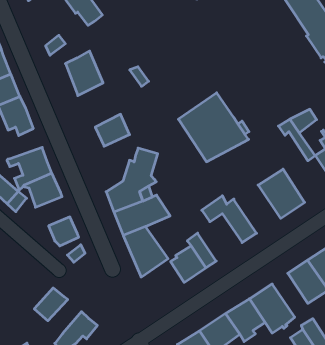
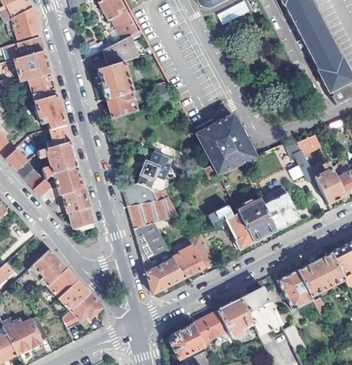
building: none -> [105,35,137,66]
building: [95,114,130,146] -> [107,91,137,118]
building: none -> [38,125,70,150]
building: none -> [237,198,277,241]
building: none -> [48,189,88,214]
building: none -> [146,255,184,294]
building: none -> [27,250,66,289]
building: none -> [58,282,89,312]

